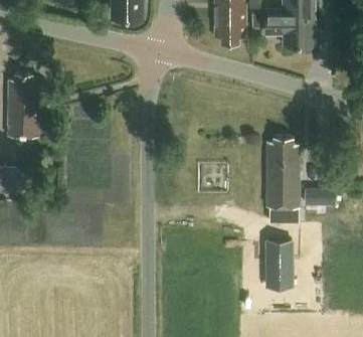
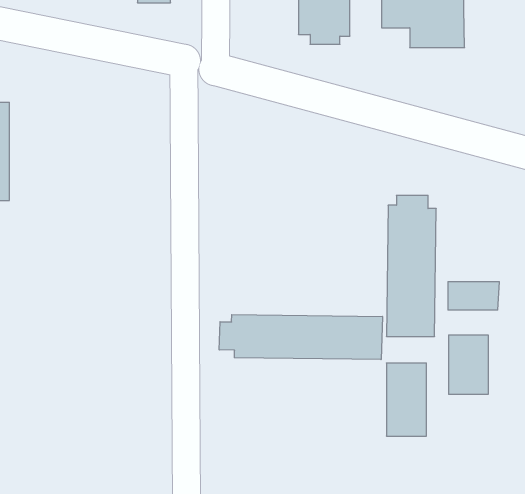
building: none -> [219,315,382,360]
building: none -> [449,335,488,394]

